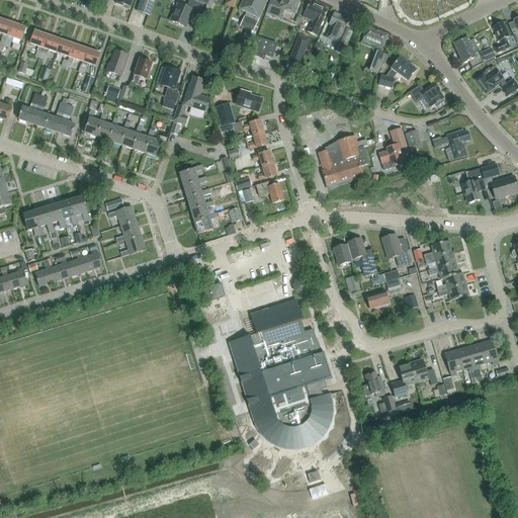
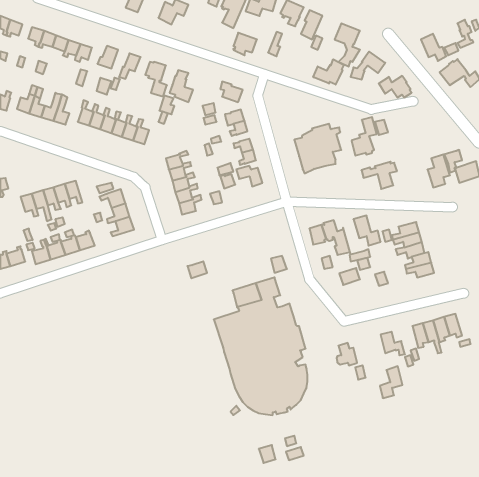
building: none -> [313,59,344,85]
building: [432,128,470,158] -> [361,162,397,189]
building: [392,361,416,396] -> [380,366,402,398]

